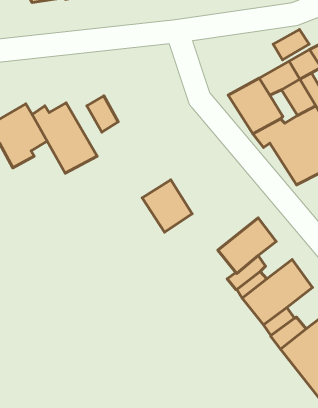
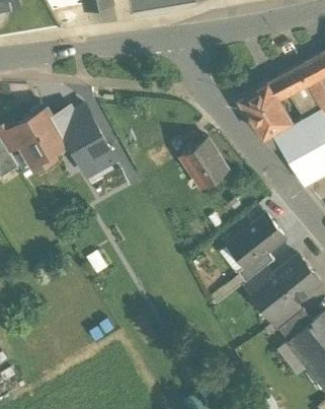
building: [273,29,309,60] -> none
building: [87,96,118,132] -> none
building: [142,180,192,232] -> [180,139,228,189]

